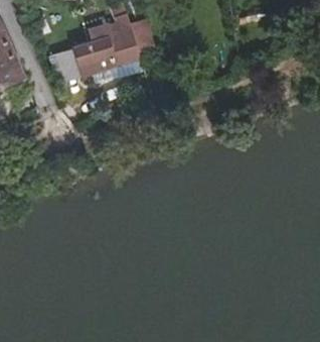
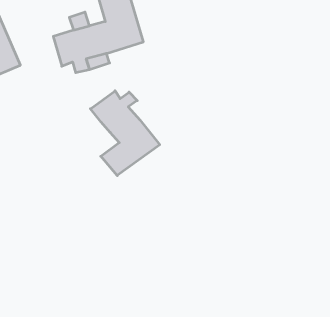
building: none -> [90,91,160,176]

